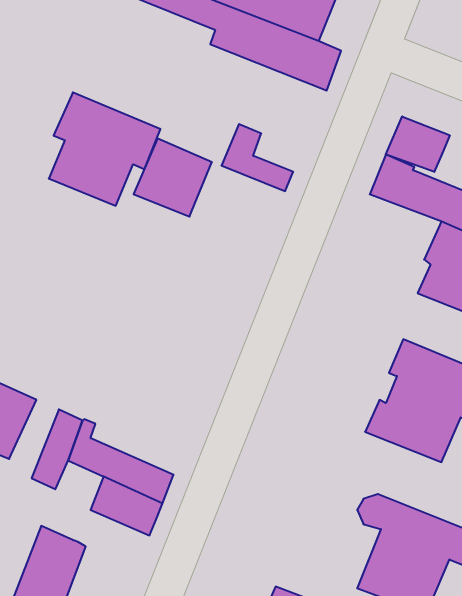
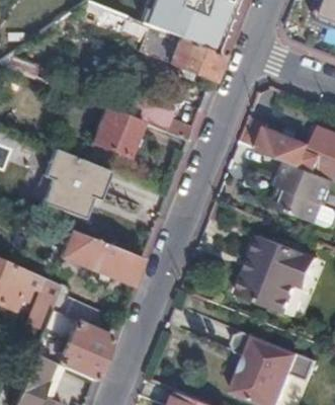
building: [49,92,160,206] -> [39,149,110,221]
building: [386,116,450,172] -> none
building: none -> [61,231,142,285]
building: none -> [57,343,102,381]

